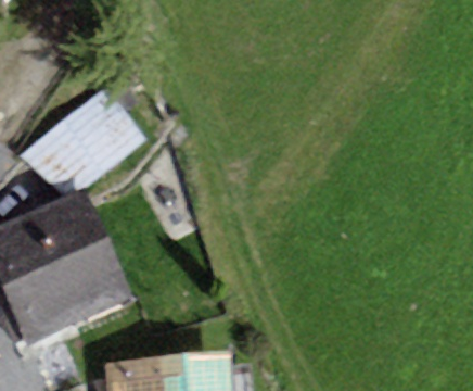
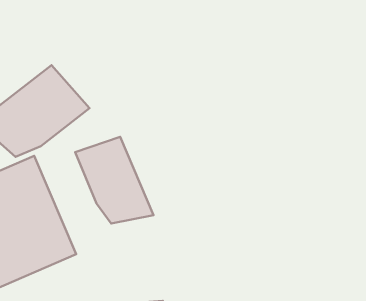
building: none -> [75,137,154,223]

